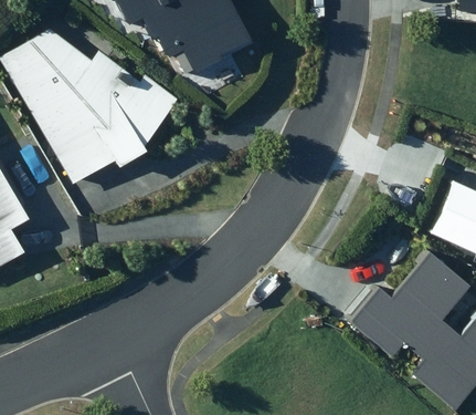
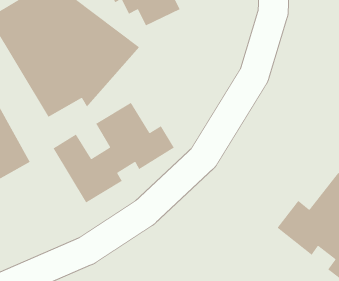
building: none -> [52,102,175,203]

